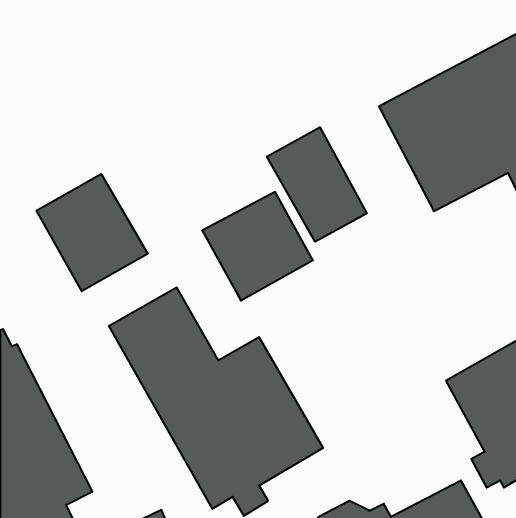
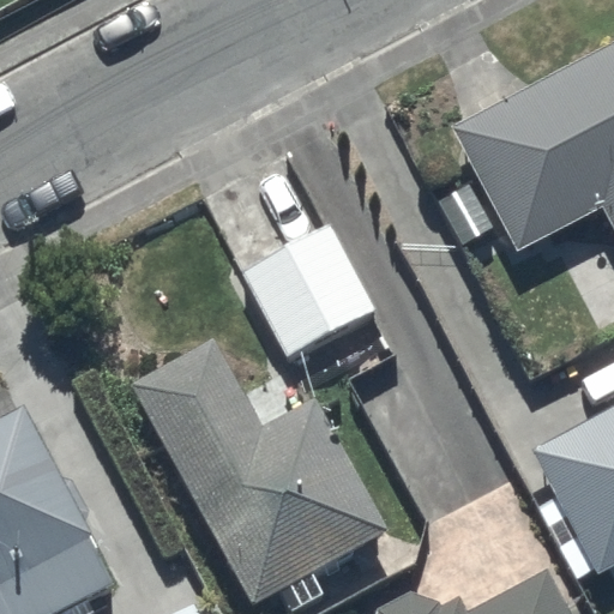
building: [267,127,367,242] -> none
building: [37,174,148,291] -> none

